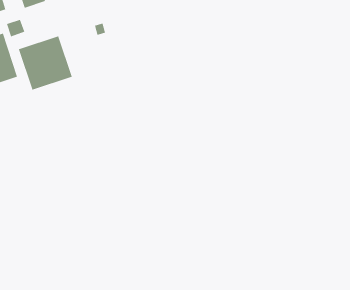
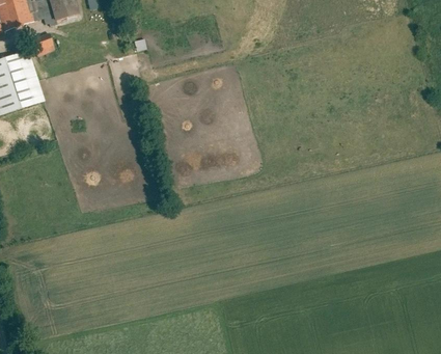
building: [18,35,73,90] -> none

